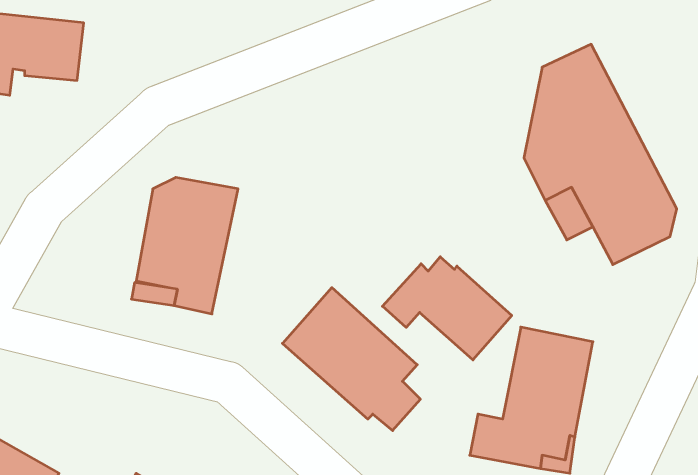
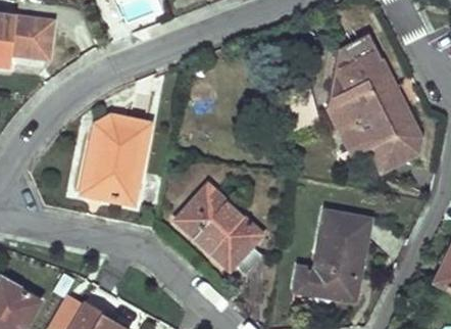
building: [382,257,512,360] -> none

